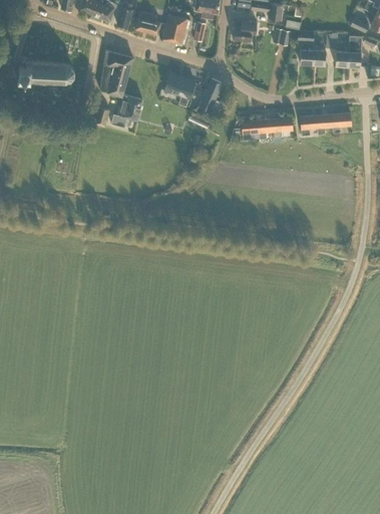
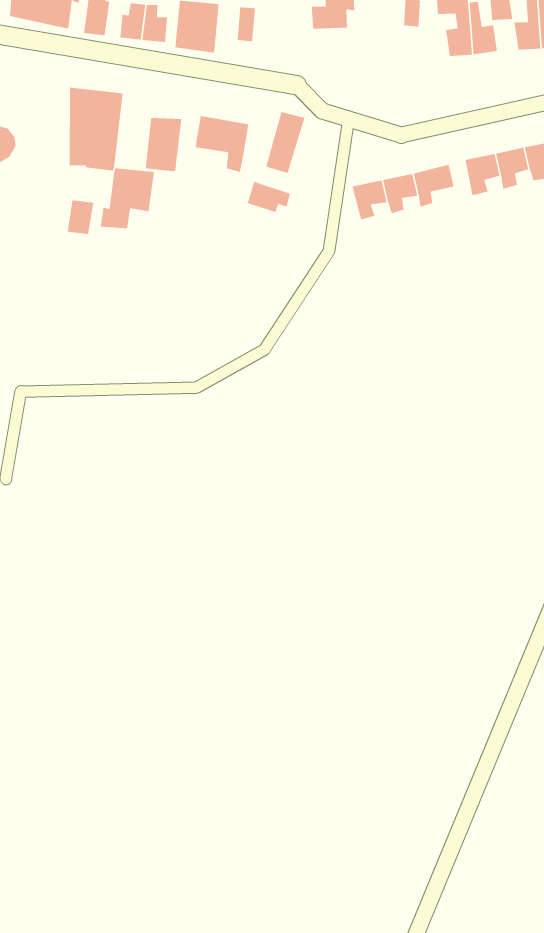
building: none -> [145,117,182,172]

